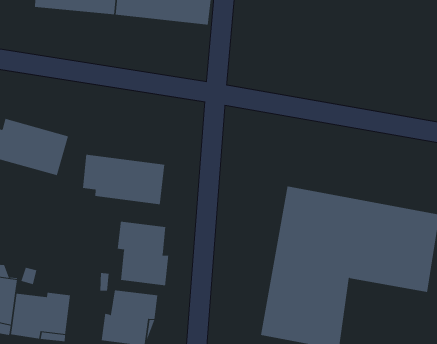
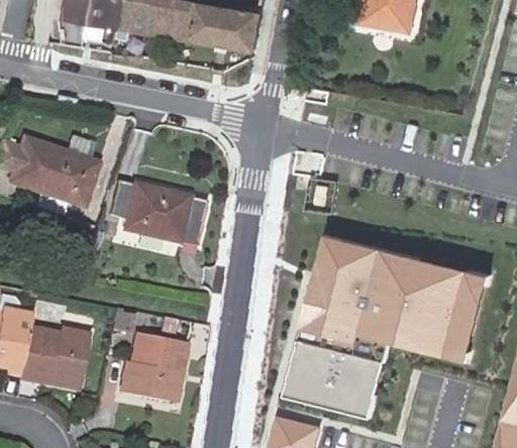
building: [117,221,169,286] -> none

